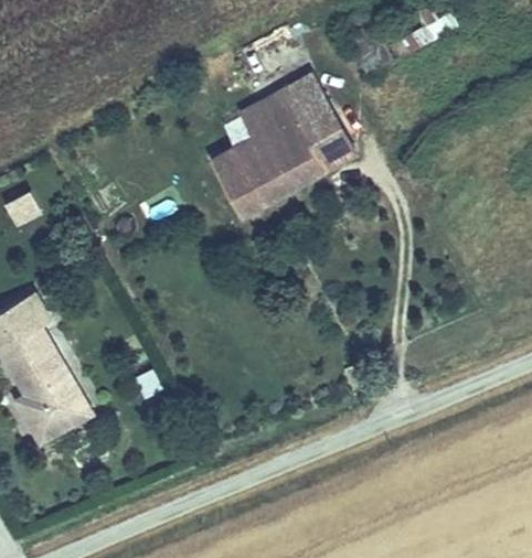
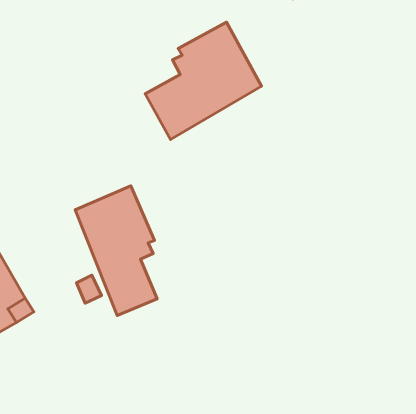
building: none -> [75,186,157,316]

